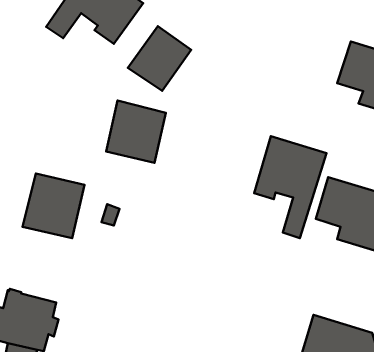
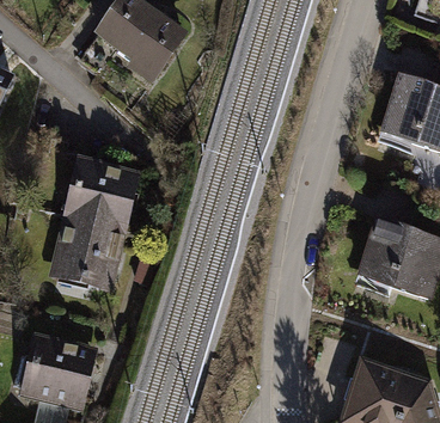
building: [128,26,191,91] -> none
building: [106,101,166,163] -> [68,161,132,227]
building: [254,136,326,238] -> none

